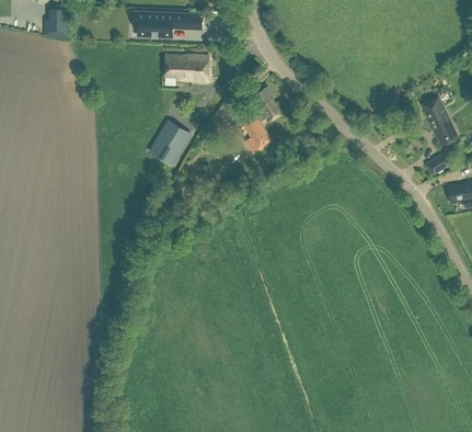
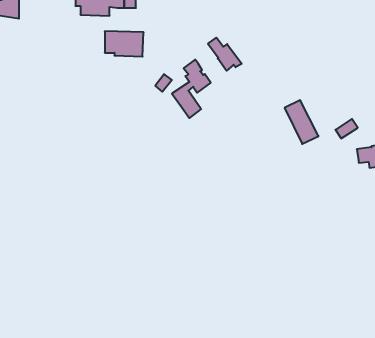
building: none -> [208,38,242,71]
building: [419,95,458,145] -> [285,100,319,144]
building: [149,121,192,167] -> none

